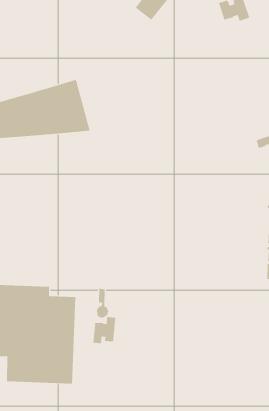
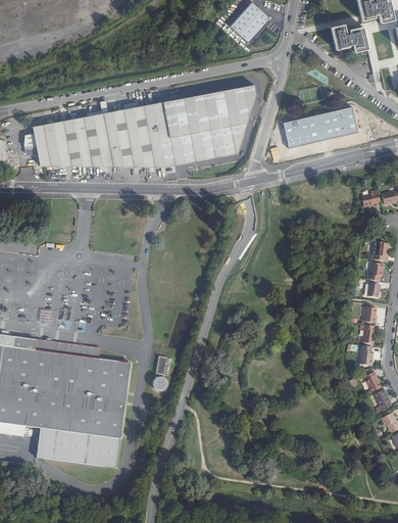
building: none -> [153,84,255,167]
building: none -> [283,106,357,147]
building: [93,316,116,344] -> none

